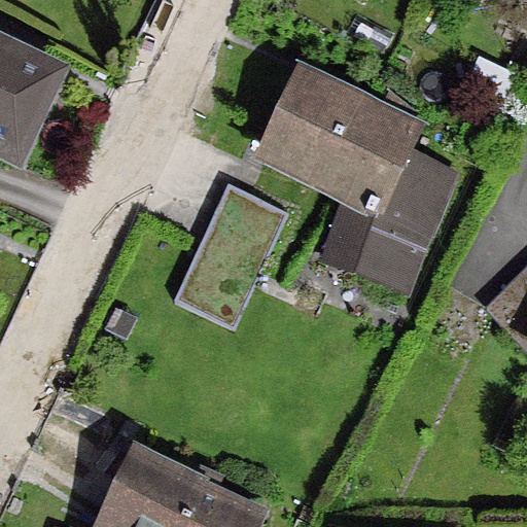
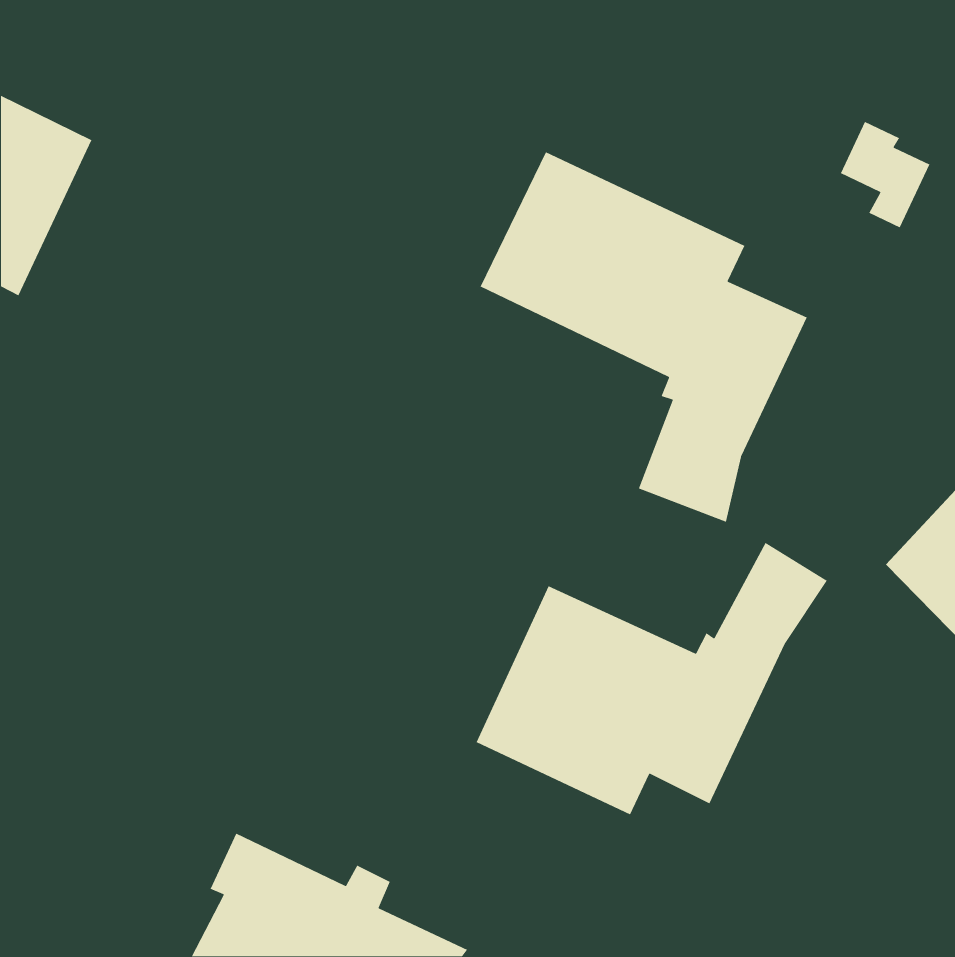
building: [174,185,287,328] -> none
building: none -> [476,542,828,816]

